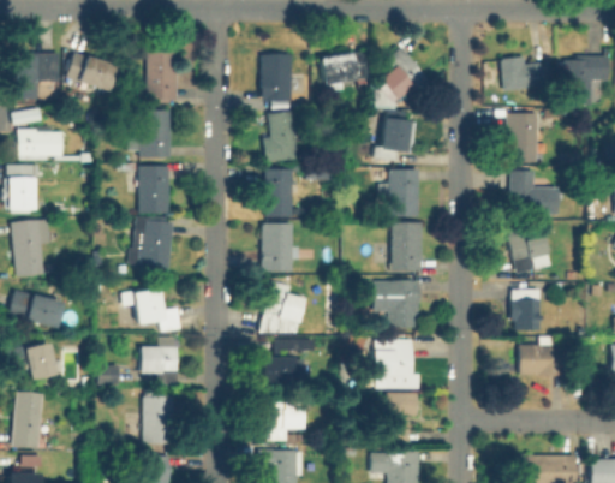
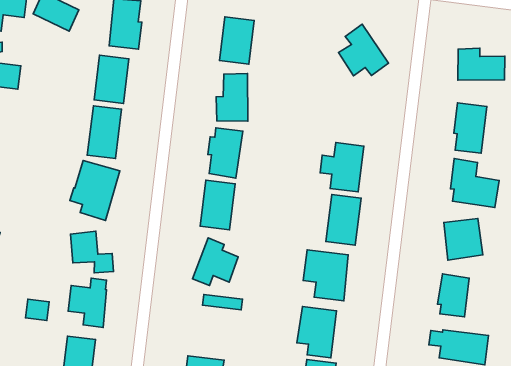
building: [321,50,369,88] -> none
building: [375,118,410,166] -> none
building: [262,357,312,387] -> none

